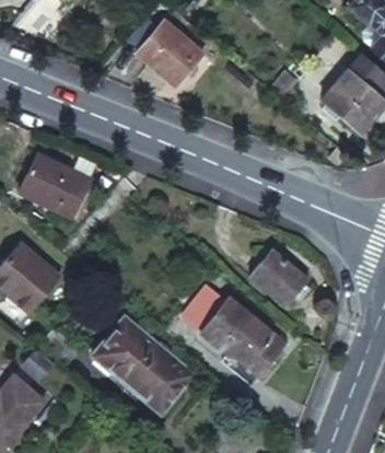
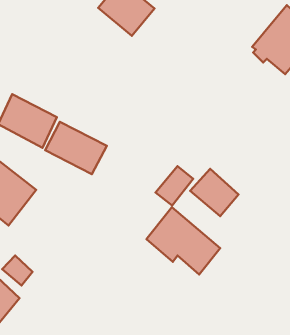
building: none -> [45,122,107,174]
building: [176,283,221,330] -> [156,166,193,205]
building: [92,322,188,414] -> none

